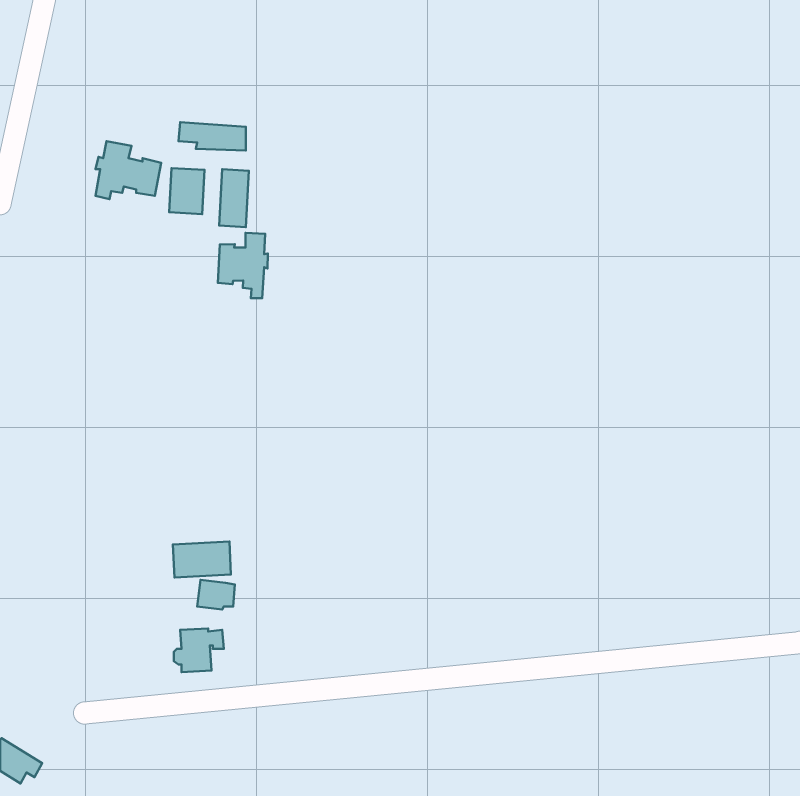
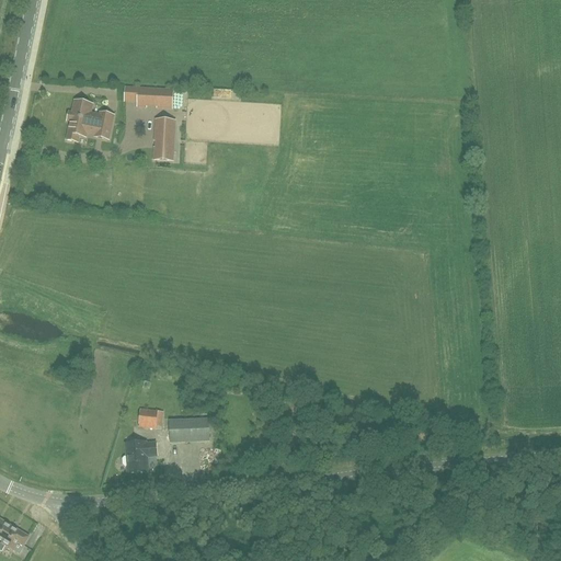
building: [169,168,205,214] -> none
building: [218,233,268,298] -> none
building: [173,541,231,578] -> [169,416,209,442]

